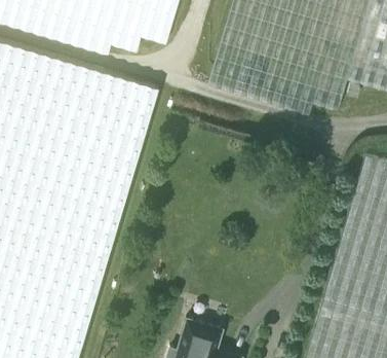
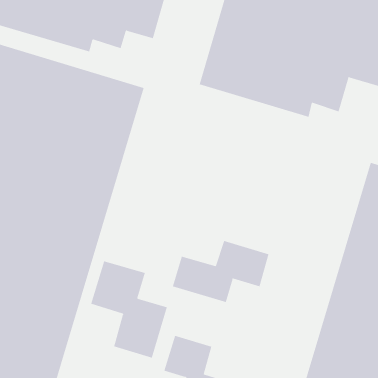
building: none -> [172,240,269,303]
building: none -> [91,260,168,358]

